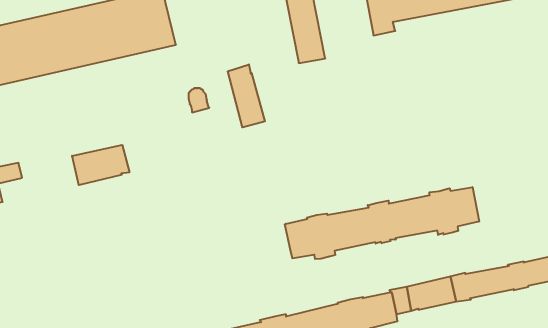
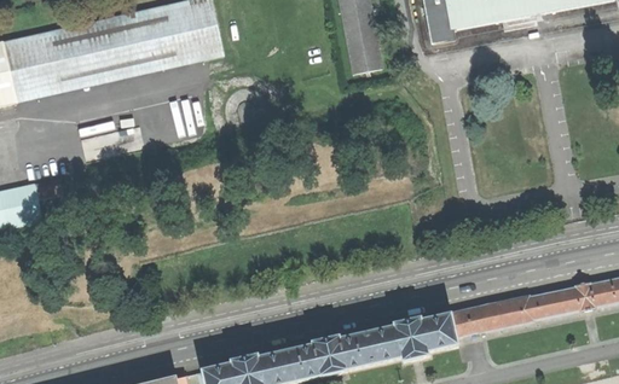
building: [228,64,265,127] -> none
building: [72,145,129,185] -> none
building: [285,187,479,259] -> none

